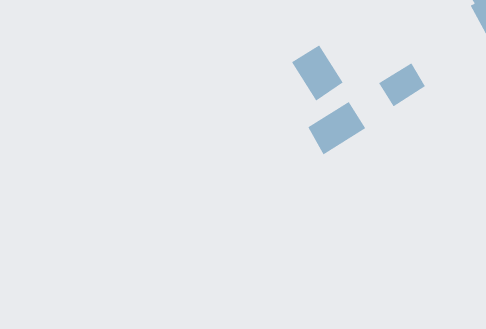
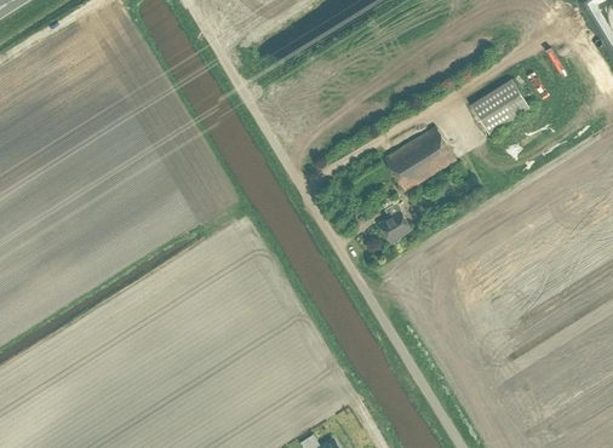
building: [291,45,343,102] -> none
building: none -> [378,211,412,245]

